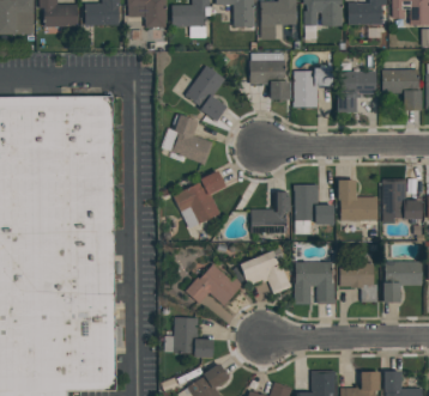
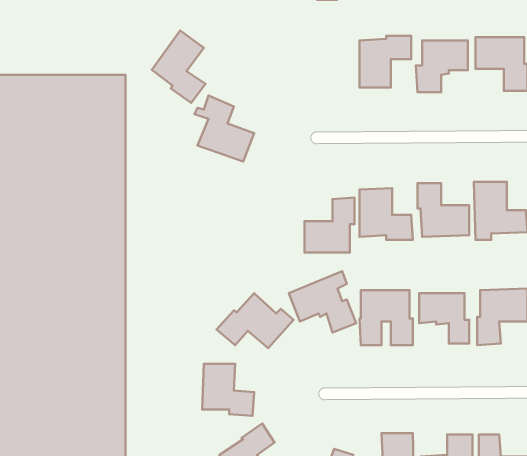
building: [249,60,289,100] -> none
building: [186,66,226,121] -> [152,30,205,103]
building: [173,170,226,224] -> none

